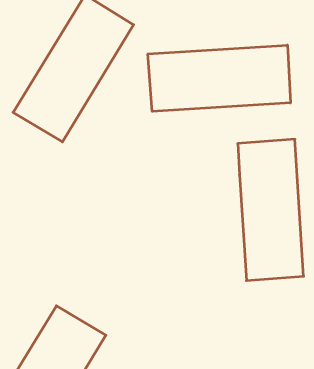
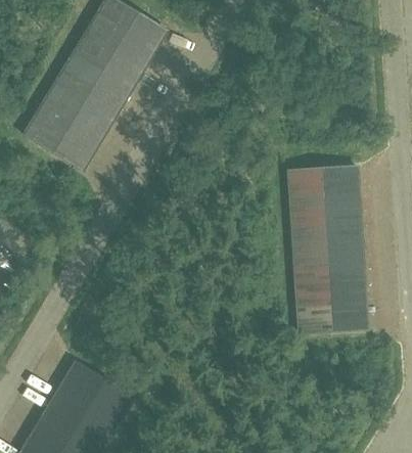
building: [148,45,290,111] -> none

